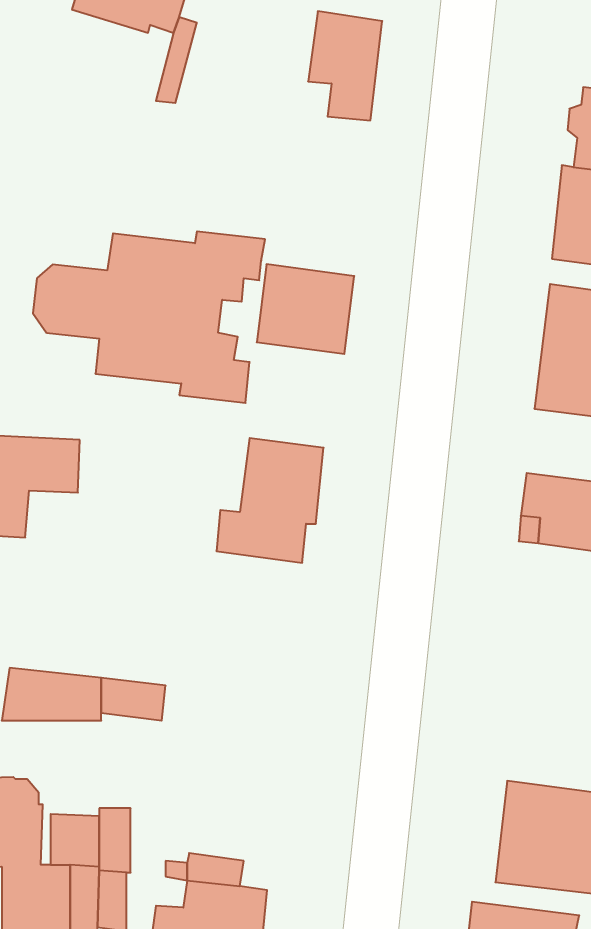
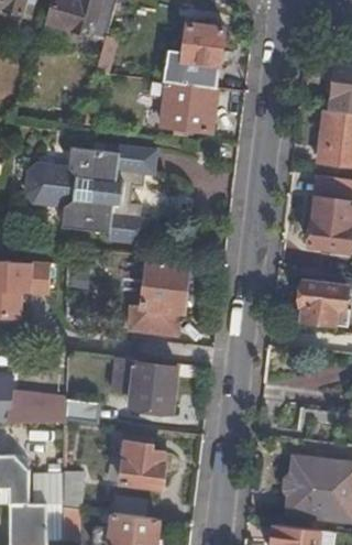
building: [257,264,354,354] -> [161,81,216,132]
building: none -> [111,356,176,411]
building: none -> [121,437,164,487]

